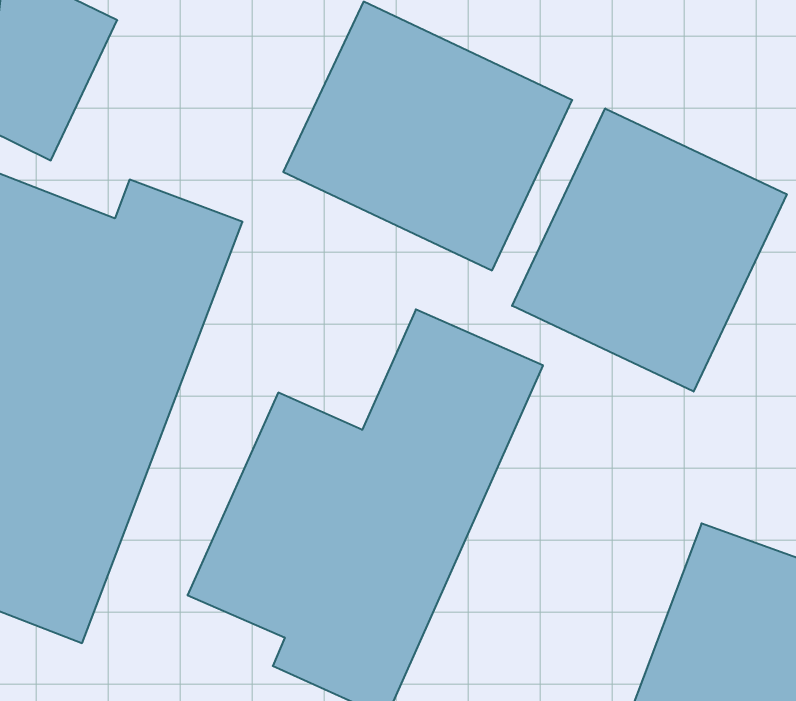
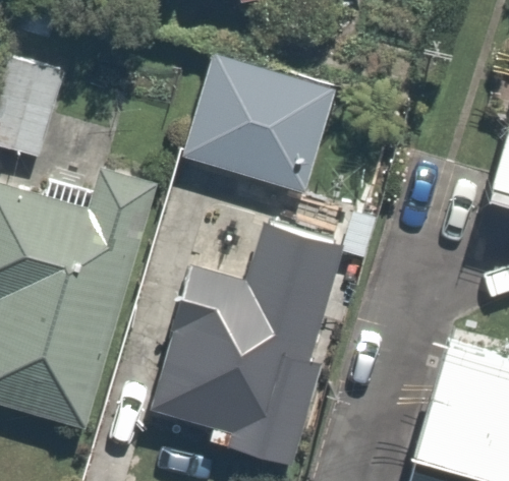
building: [512,108,787,392] -> none

